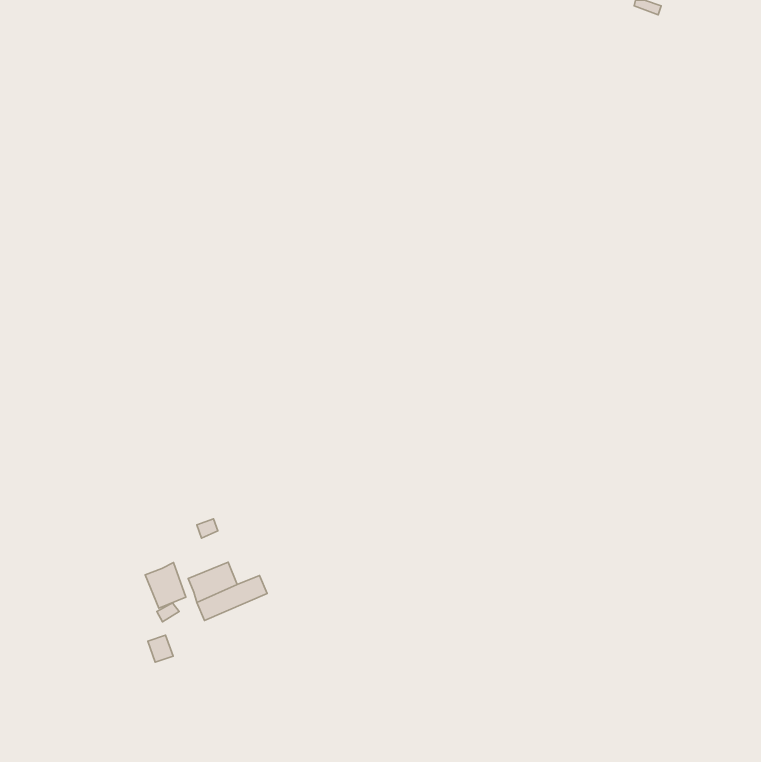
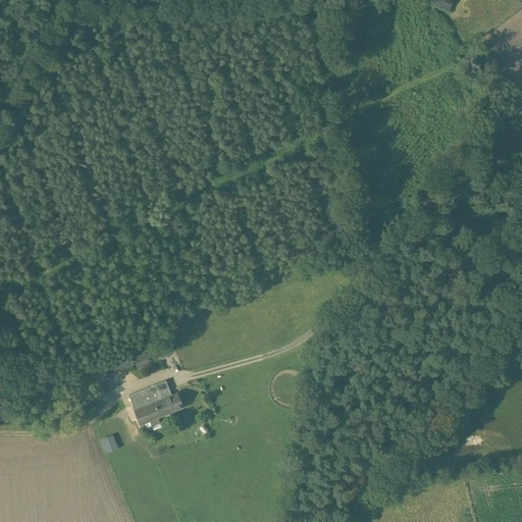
building: [145,563,186,608] -> none

